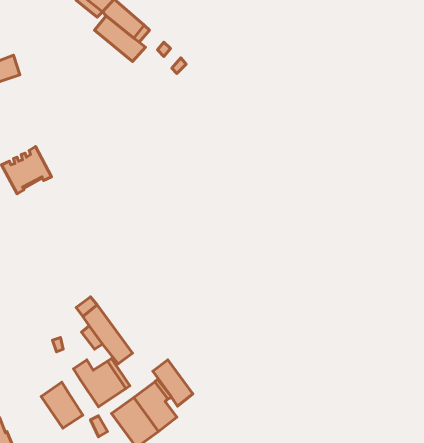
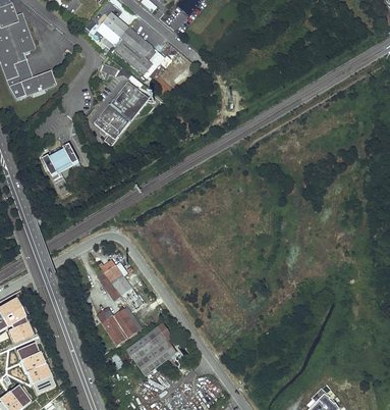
building: none -> [93,81,148,145]
building: [153,360,193,406] -> none
building: [41,382,83,428] -> none

